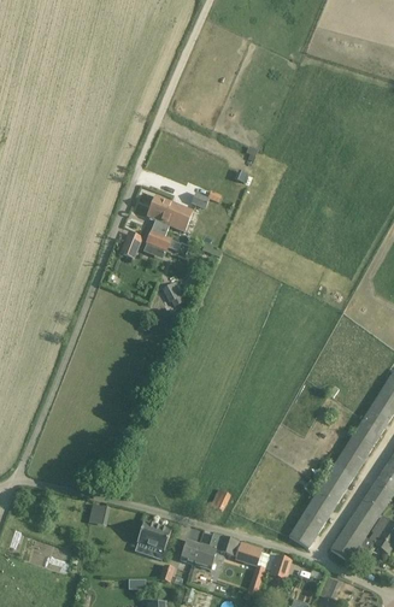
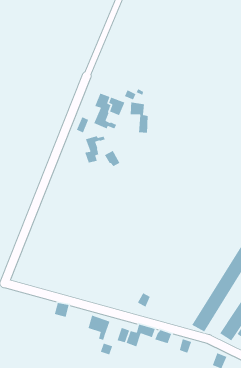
building: none -> [130,102,149,133]
building: none -> [84,135,106,163]

